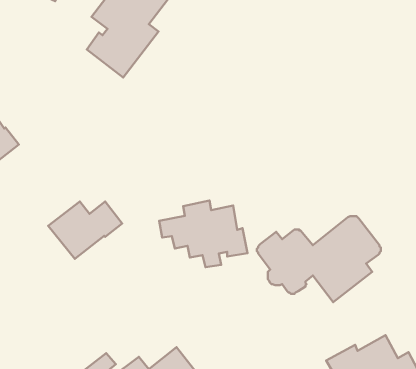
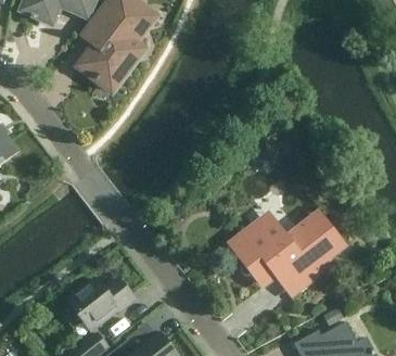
building: [159,201,248,267] -> none
building: [48,202,122,259] -> [67,278,133,329]

